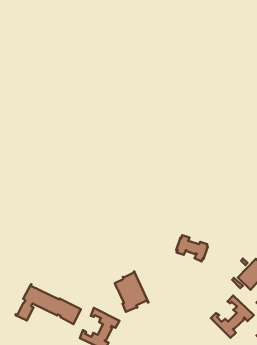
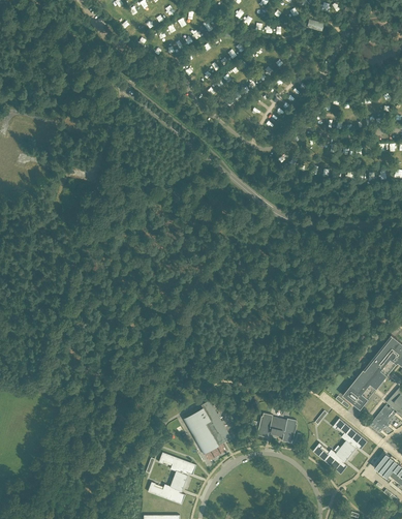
building: [176,235,208,261] -> [256,413,297,444]
building: [15,284,81,324] -> none

